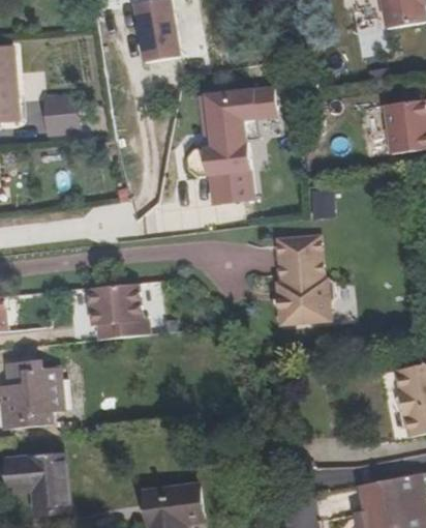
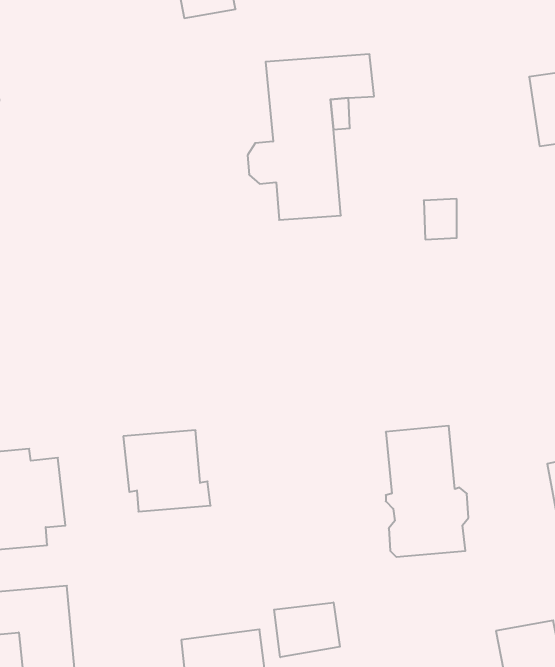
building: [41,97,78,131] -> none
building: [276,234,333,324] -> [386,426,468,557]
building: [87,283,147,339] -> [123,430,211,512]
building: none -> [274,602,340,657]

